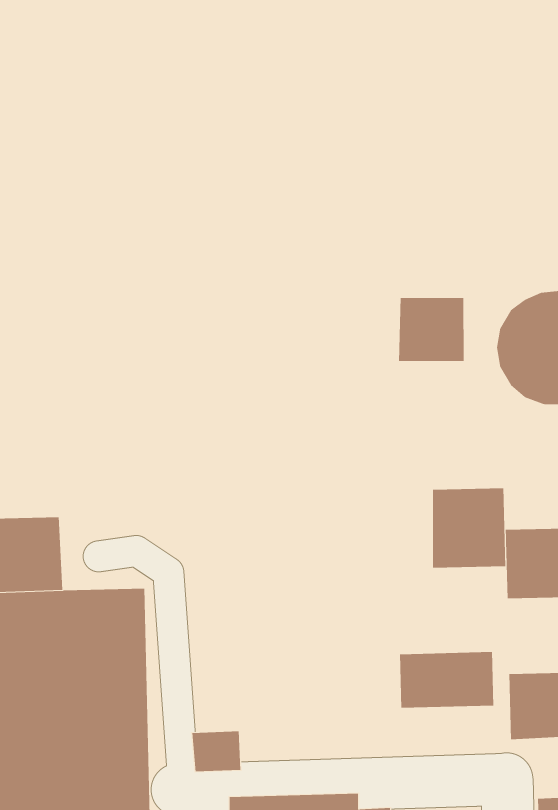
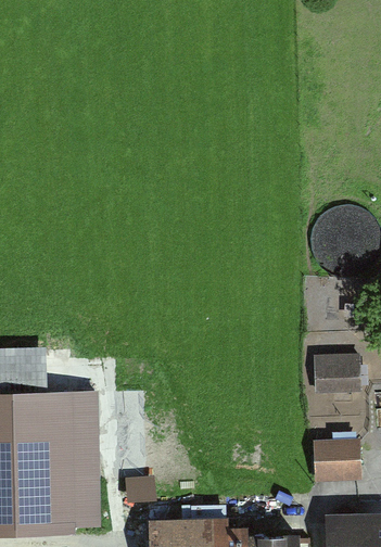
building: [398,297,464,362] -> none
building: [432,488,506,569] -> none
building: [400,651,494,709] -> none

